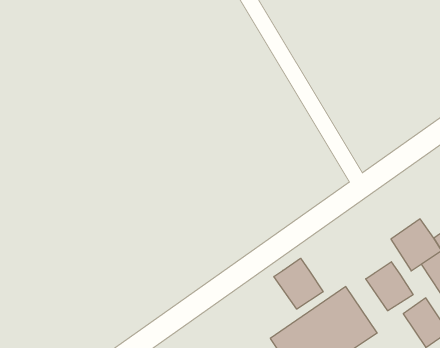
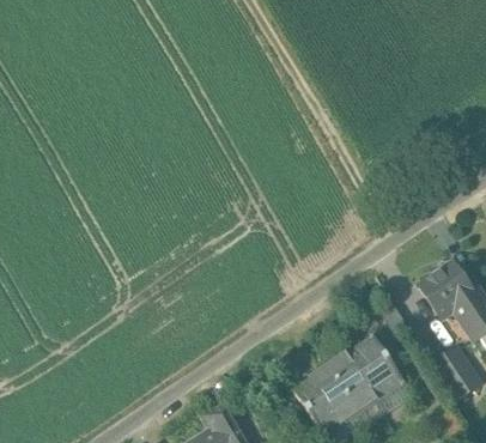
building: [274,258,323,309] -> none
building: [366,262,413,311] -> none

